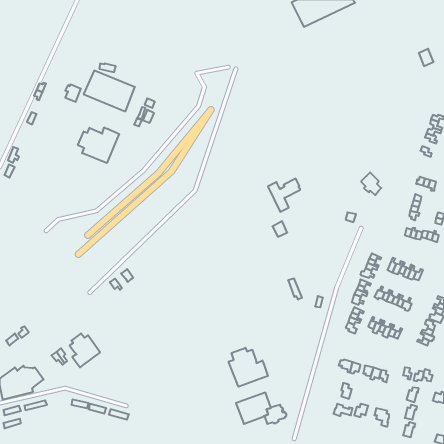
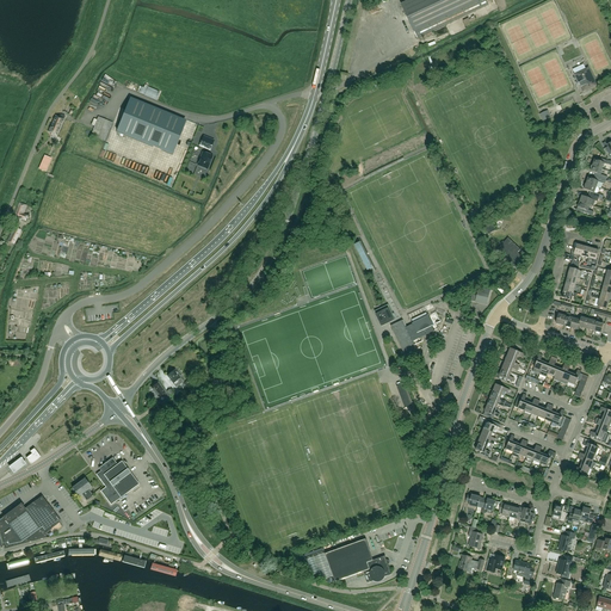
building: [78,127,119,163] -> none
building: [268,179,300,212] -> [389,314,433,359]
building: [229,348,268,387] -> none

